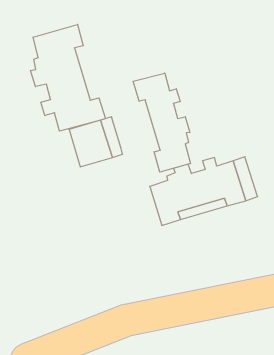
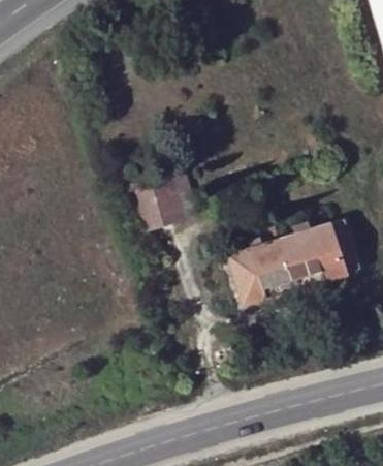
building: [31,24,105,131] -> none
building: [133,73,190,172] -> none

